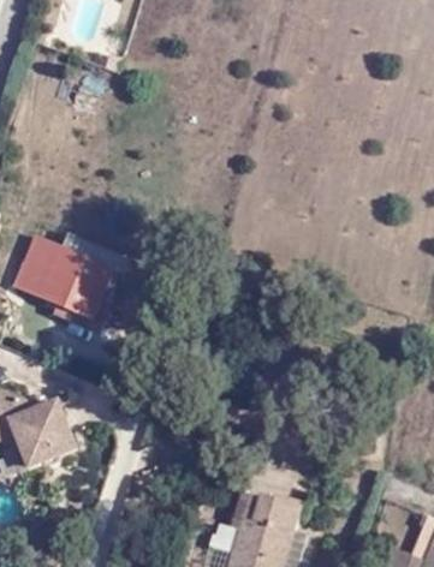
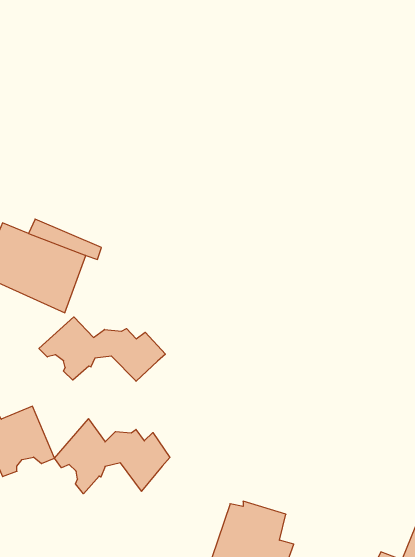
building: none -> [39,317,165,381]
building: none -> [55,419,170,494]

